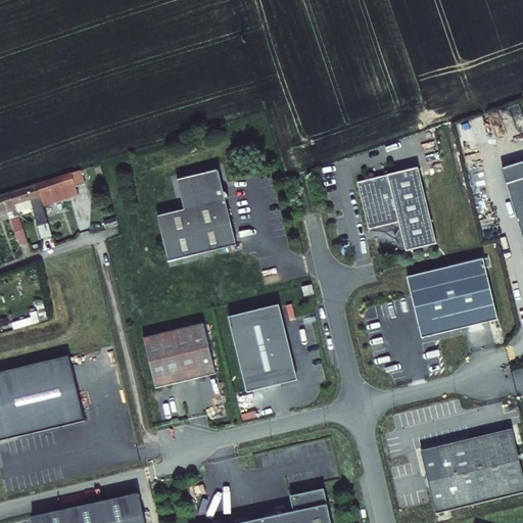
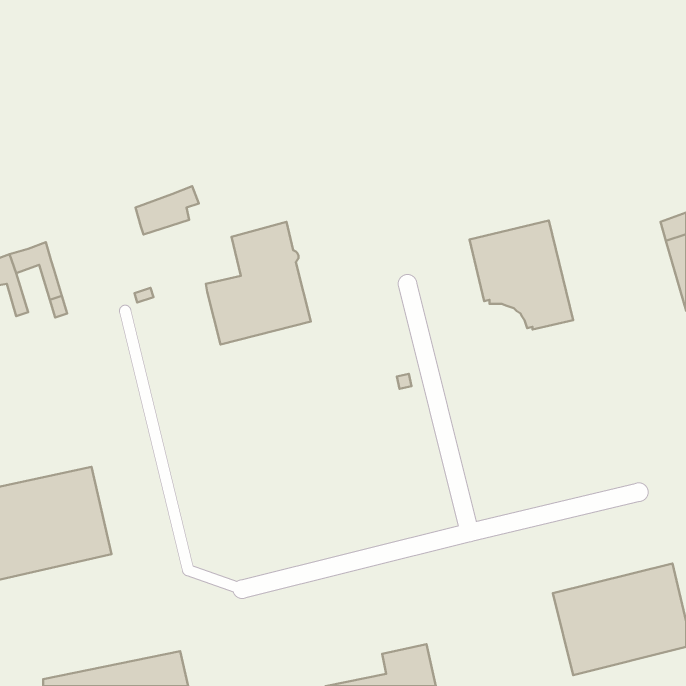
building: [35,168,83,204] -> [136,186,199,235]
building: [407,257,498,337] -> none
building: [228,304,294,391] -> none
building: [143,322,216,387] -> none

